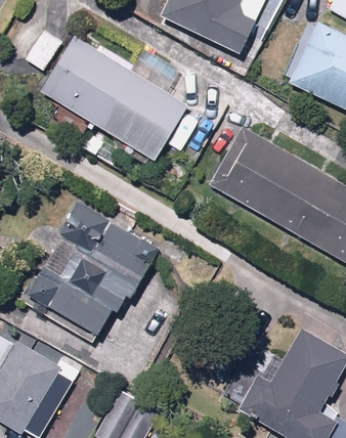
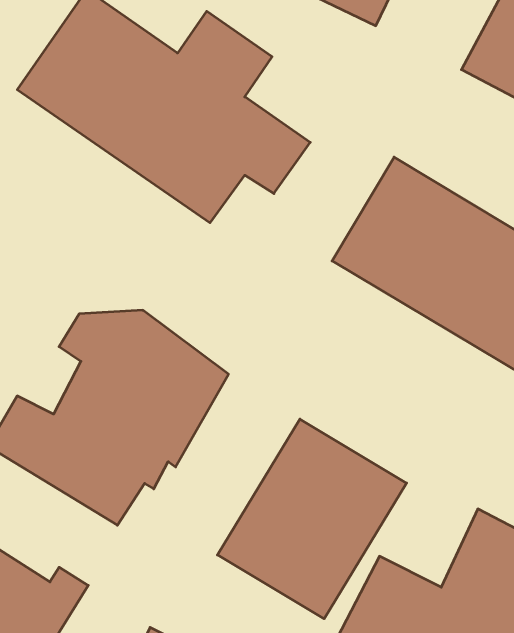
building: none -> [217,419,407,619]

